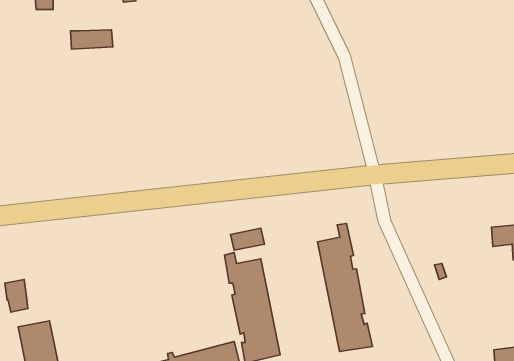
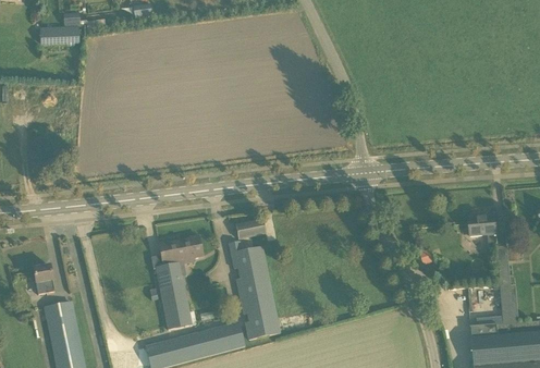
building: [70,30,113,49] -> [40,26,78,44]
building: [317,223,372,352] -> none
building: none -> [156,235,202,329]

